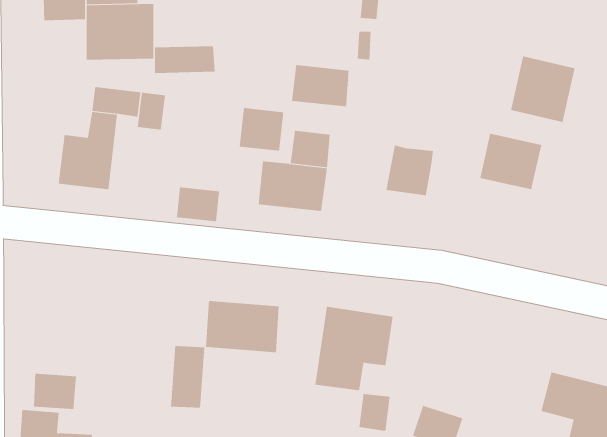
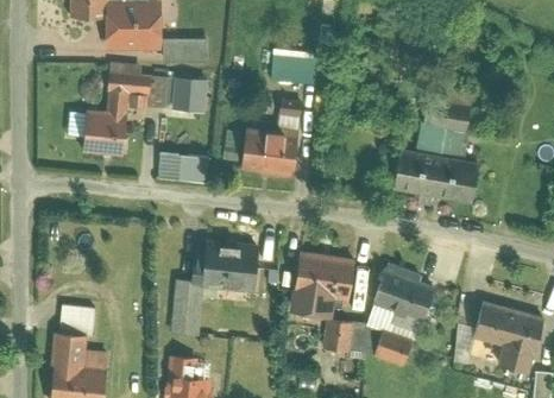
building: [511,56,575,123] -> none
building: [239,108,284,151] -> [172,78,209,114]
building: [386,145,434,196] -> [398,152,437,194]
building: none -> [440,160,479,202]
building: none -> [373,269,436,322]

